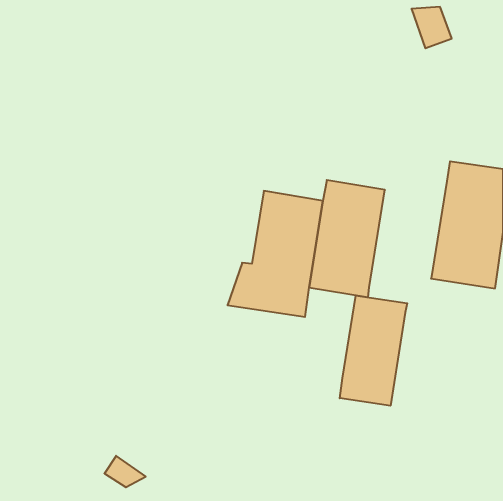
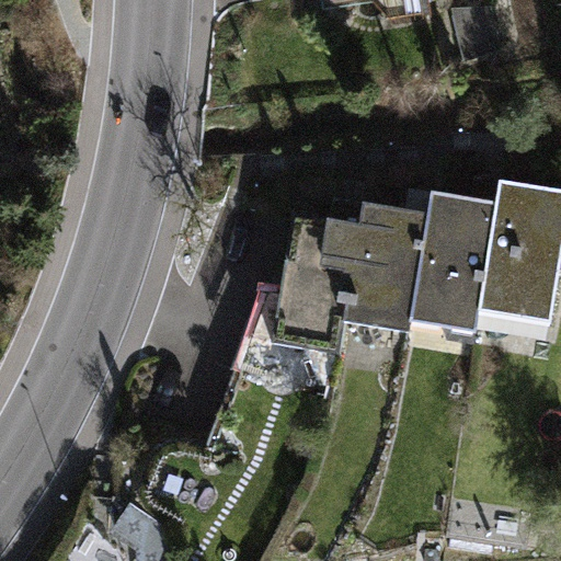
building: none -> [411,191,497,331]
building: [340,295,407,406] -> none

